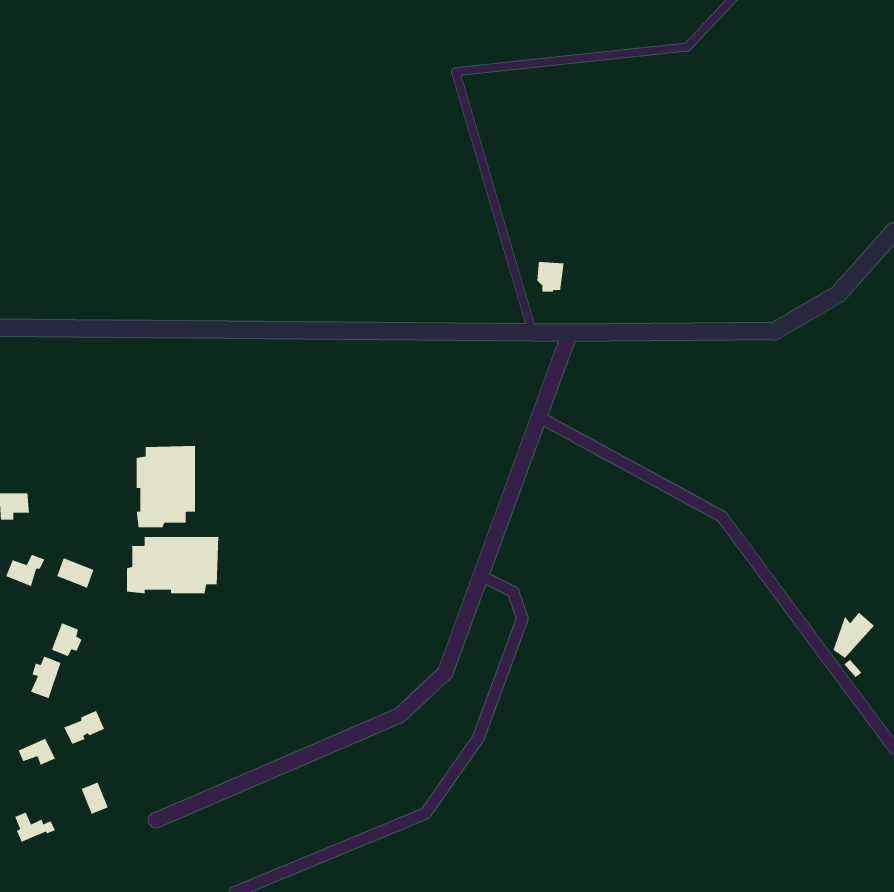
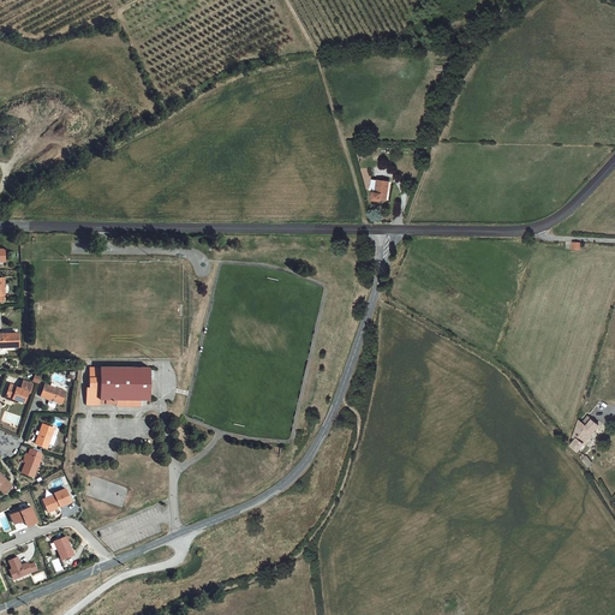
building: [136,445,196,528] -> none

